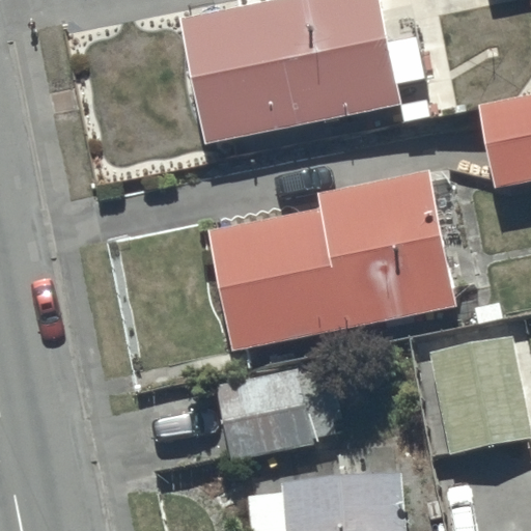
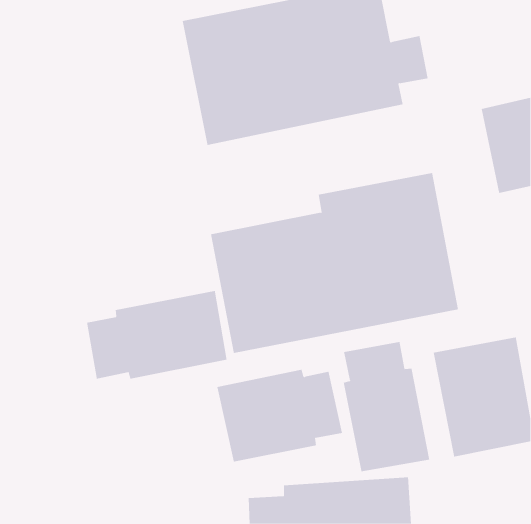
building: none -> [86,290,227,380]
building: none -> [343,341,430,472]

